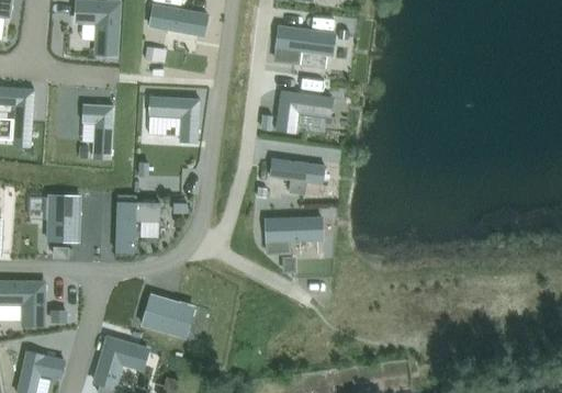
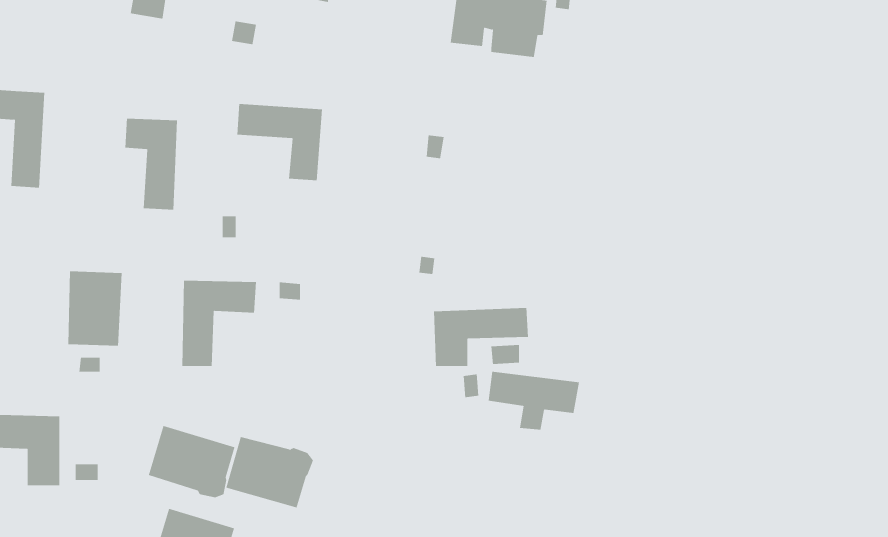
building: [276,90,331,132] -> none
building: [270,158,325,193] -> [488,371,580,430]
building: none -> [148,425,235,498]

